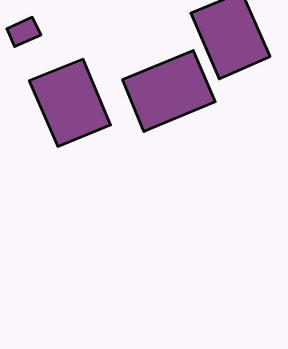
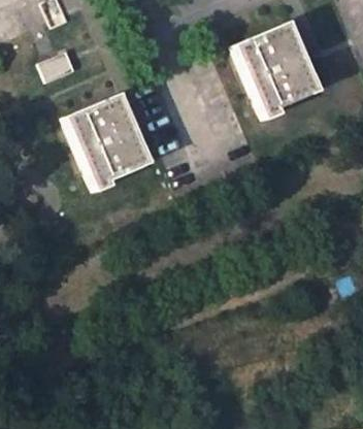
building: [123,50,215,132] -> none

